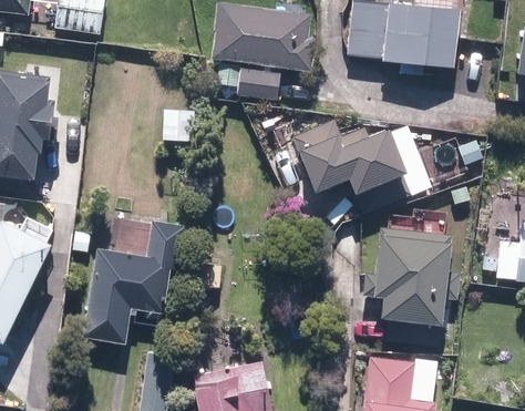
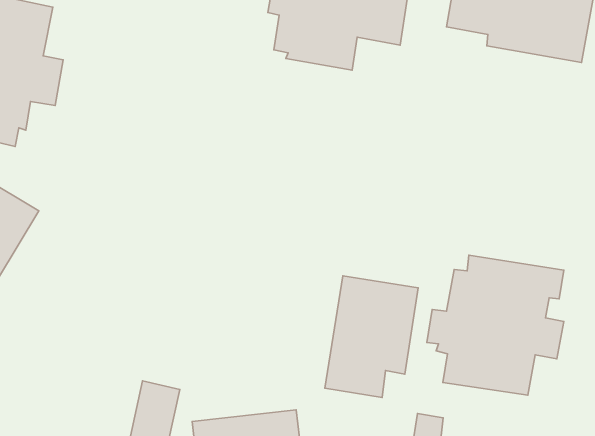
building: [290,116,403,201] -> none
building: [87,217,184,342] -> none
building: none -> [325,276,418,398]

